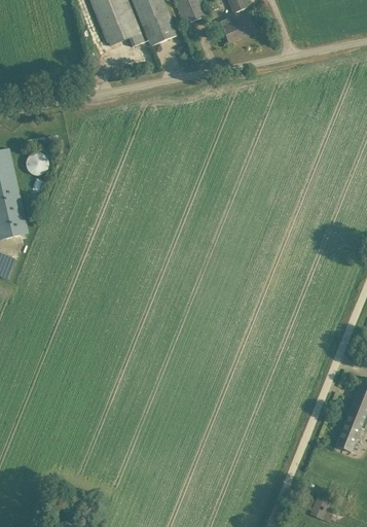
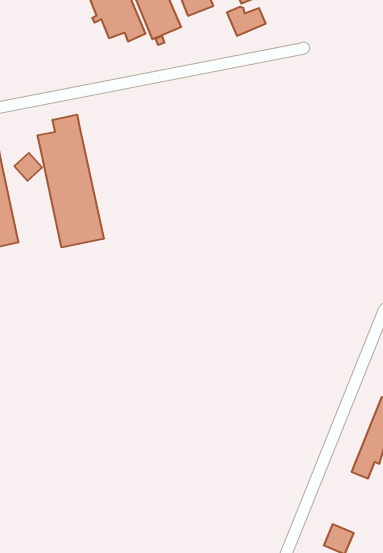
building: none -> [37,115,104,247]

